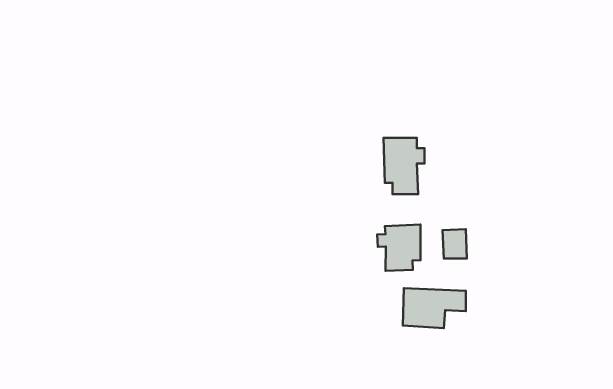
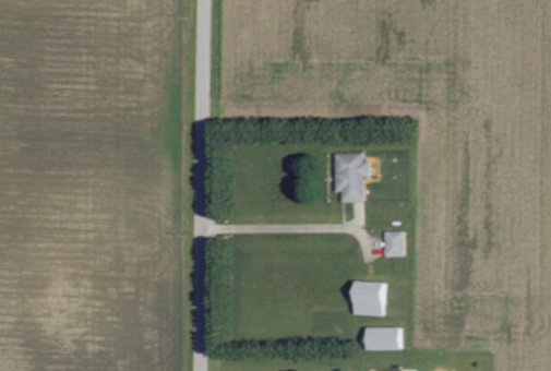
building: [377,225,421,271] -> none
building: none -> [363,326,402,349]

